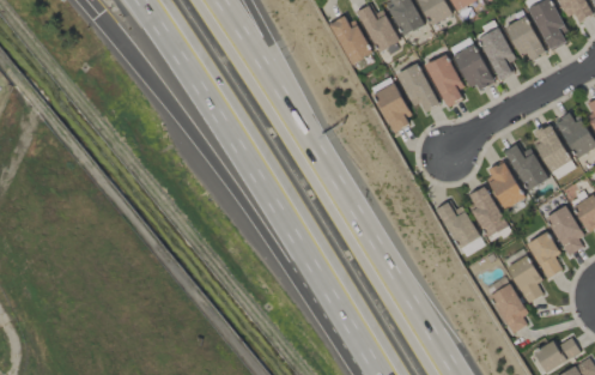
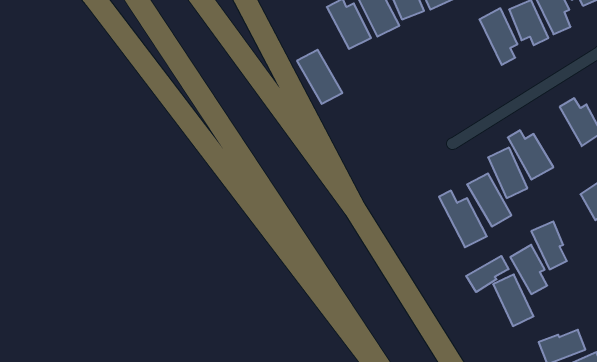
building: [451,42,496,93] -> none
building: [425,54,463,107] -> none
building: [397,63,439,113] -> none
building: [370,78,414,131] -> [297,50,342,104]
building: [533,123,575,180] -> none
building: [547,206,587,256] -> none
building: none -> [466,256,509,292]

